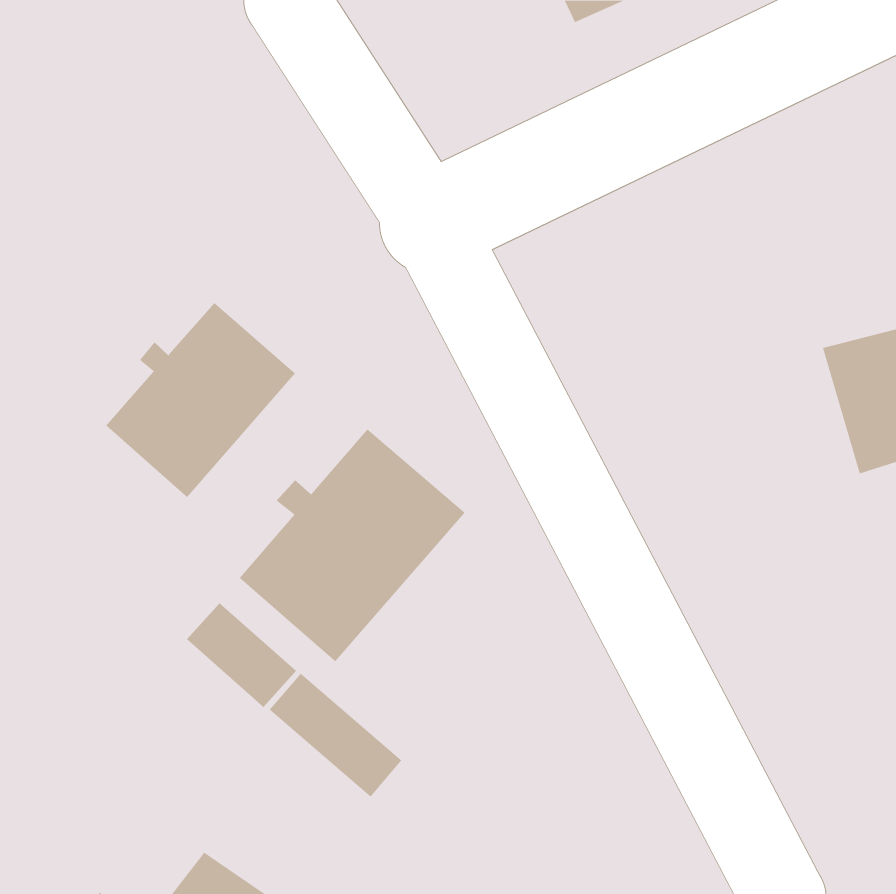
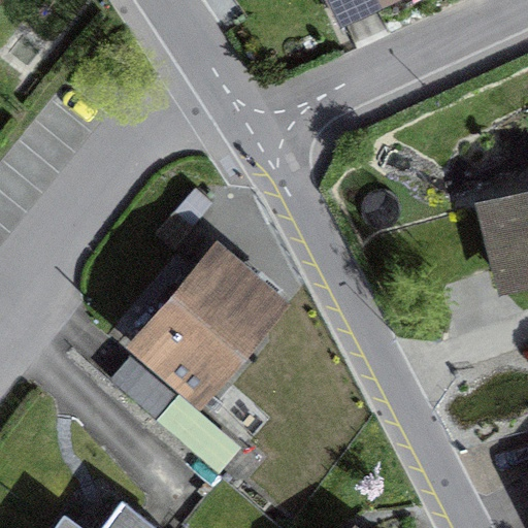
building: [106,302,296,498] -> none

